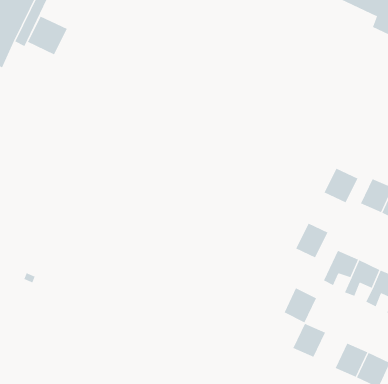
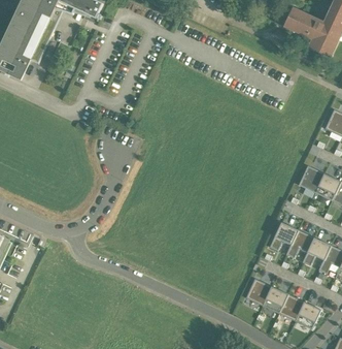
building: [27,16,67,55] -> none
building: [324,168,358,203] -> none
building: [295,223,328,258] -> none
building: [284,287,317,323] -> [262,285,287,313]

